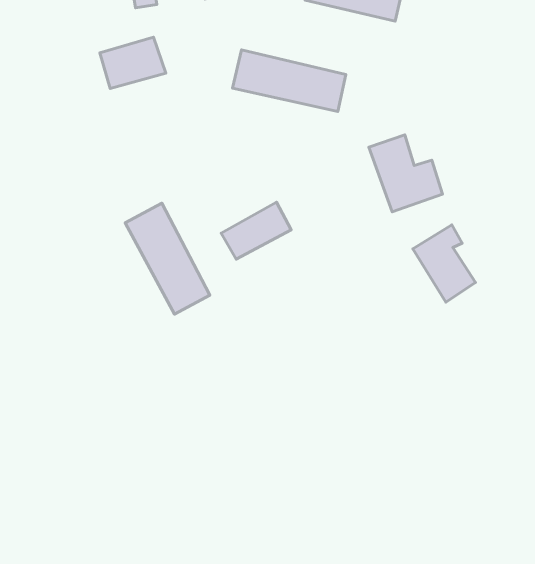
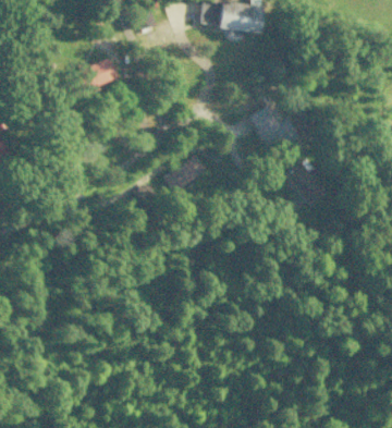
building: [233,50,346,111] -> none
building: [125,203,210,314] -> none

